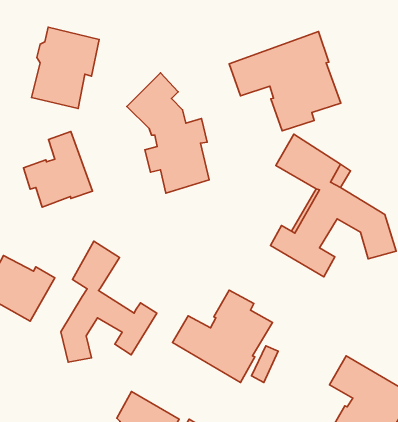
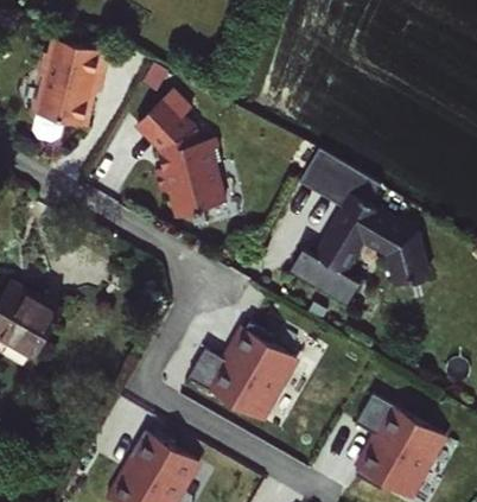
building: [229,31,341,131] -> none
building: [23,132,92,207] -> none
building: [61,241,157,362] -> none

